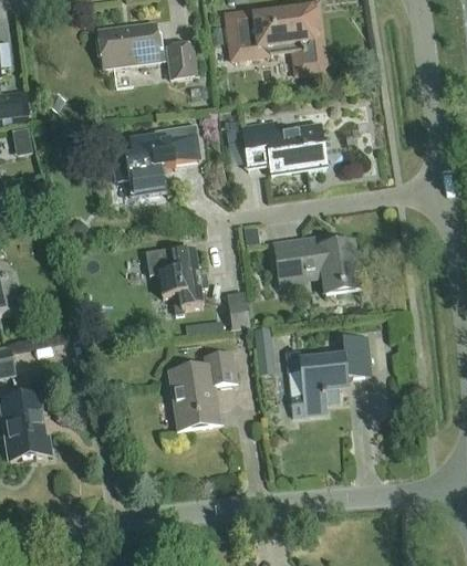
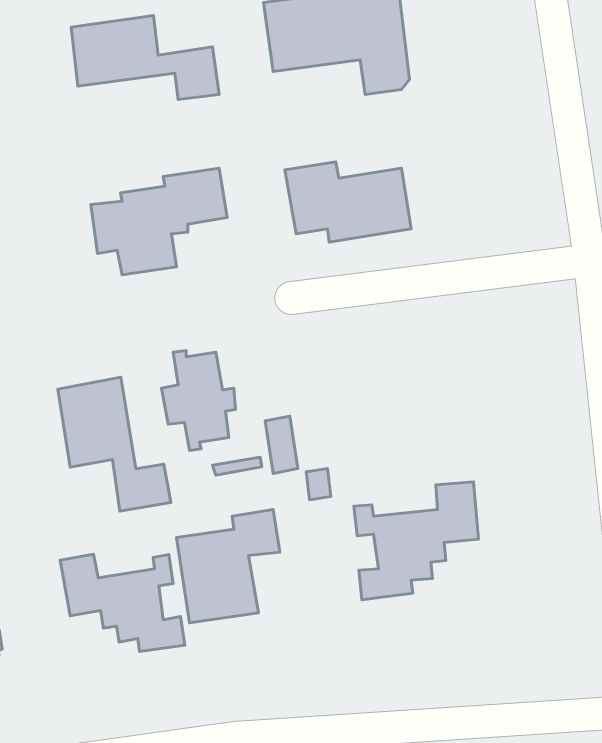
building: [273,235,360,294] -> none
building: none -> [58,377,171,511]
building: none -> [60,554,185,651]

